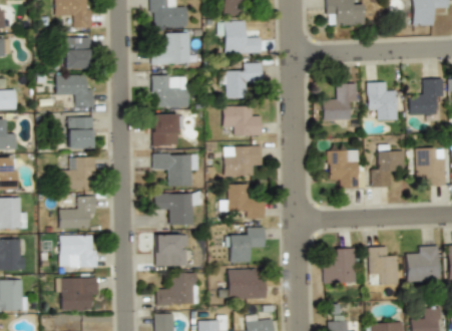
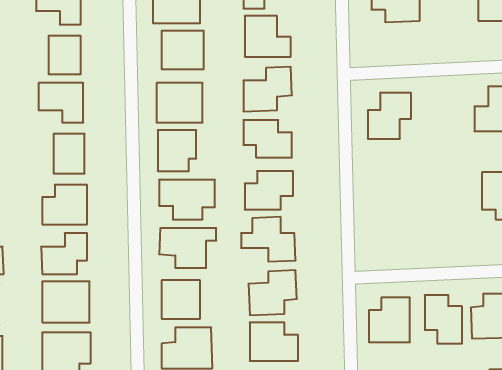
building: [367,81,399,120] -> none
building: [372,144,404,188] -> none
building: [327,149,366,189] -> none

